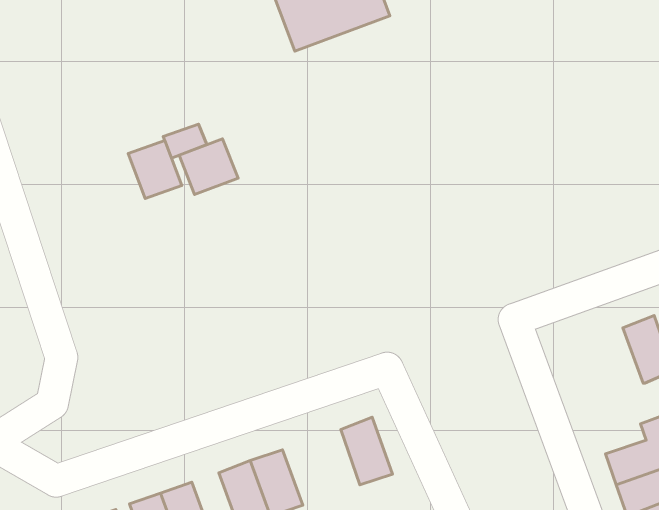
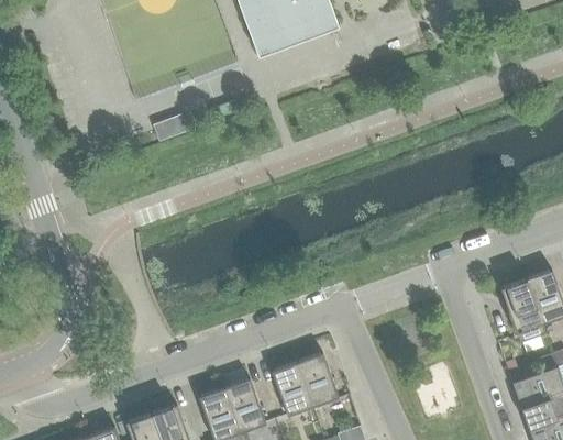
building: [179,139,238,194] -> none
building: [128,140,182,199] -> none
building: none -> [501,279,548,343]
building: none -> [272,362,313,416]

